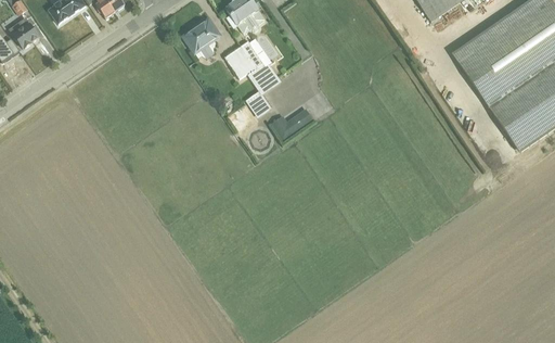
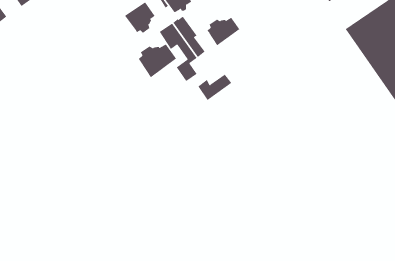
building: none -> [207,17,240,46]
building: none -> [138,44,177,78]

